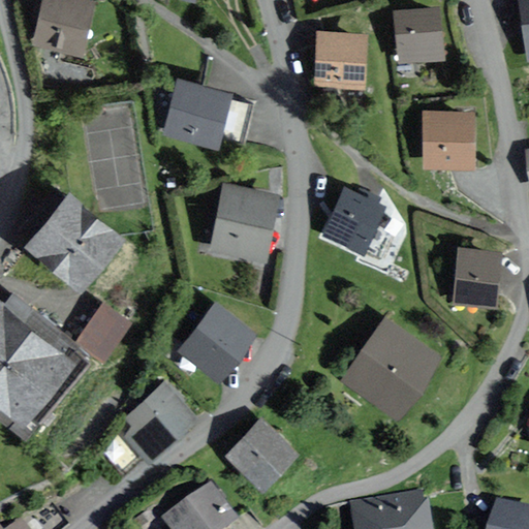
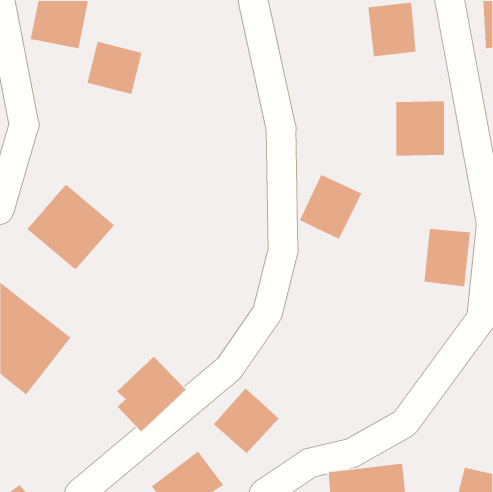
building: [315,29,367,87] -> none
building: [168,87,228,145] -> [86,41,143,95]
building: [210,184,280,261] -> none
building: [73,298,131,357] -> none
building: [178,300,260,382] -> none
building: [343,316,441,416] -> none

